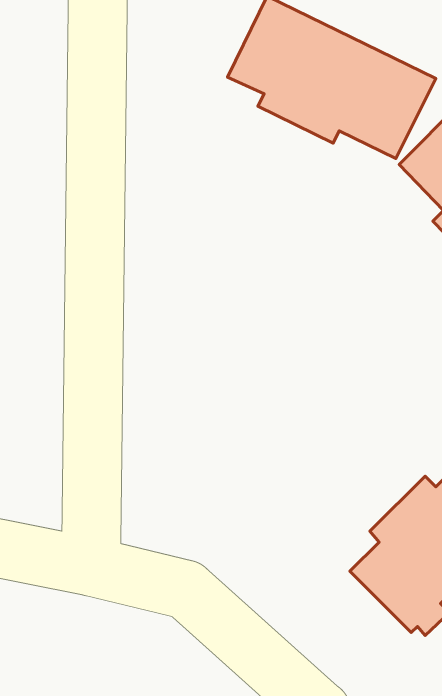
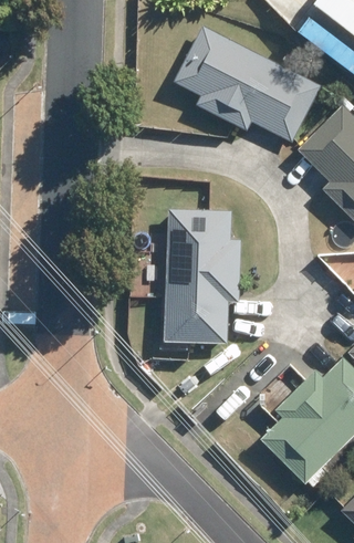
building: none -> [162,209,239,344]

